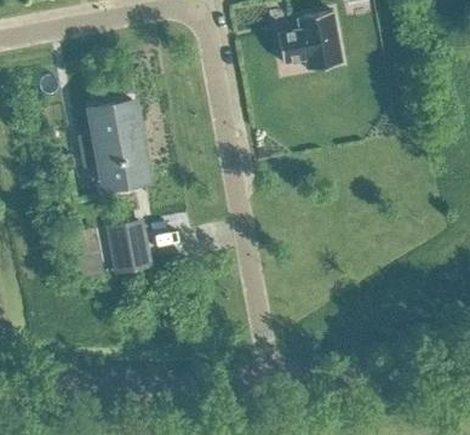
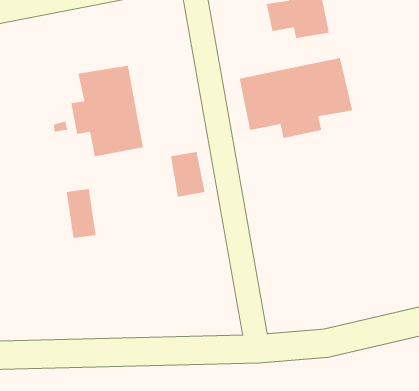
building: none -> [239,57,353,139]
building: [110,223,147,270] -> [170,151,206,197]

